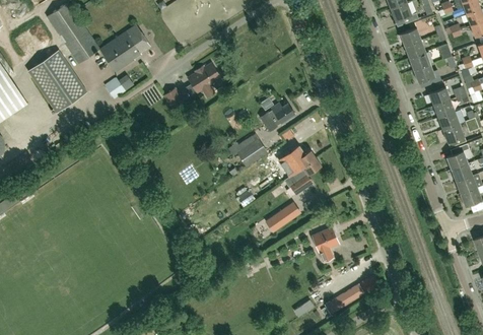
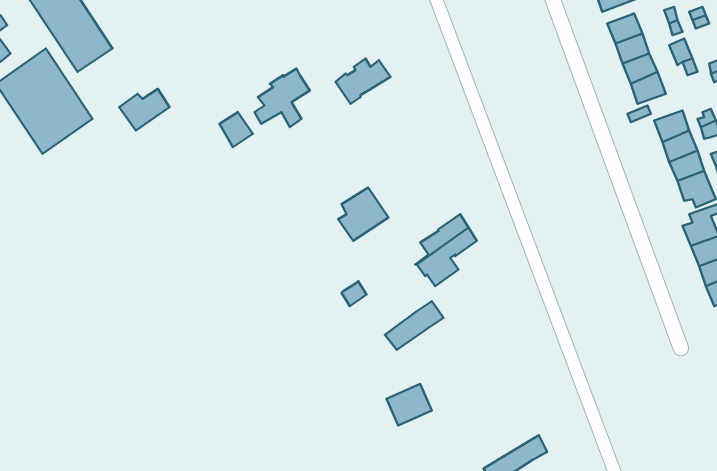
building: [99,25,150,73] -> none
building: [261,104,294,131] -> [335,59,391,104]
building: [312,227,339,253] -> [387,384,432,426]

